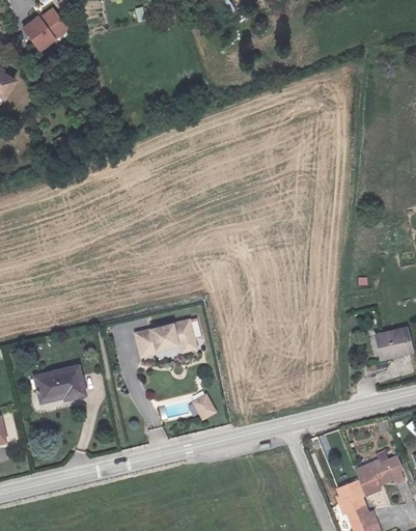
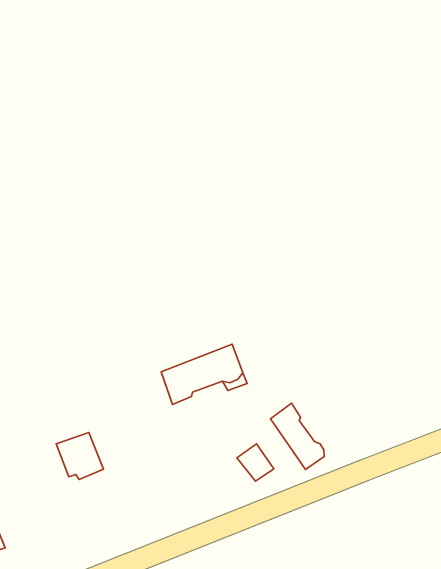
building: none -> [271,403,324,470]
building: [40,373,66,403] -> none

